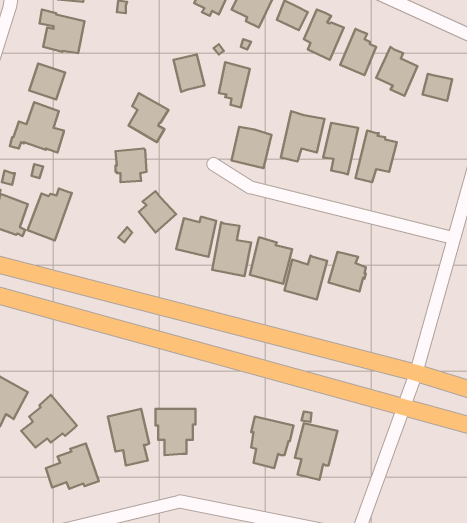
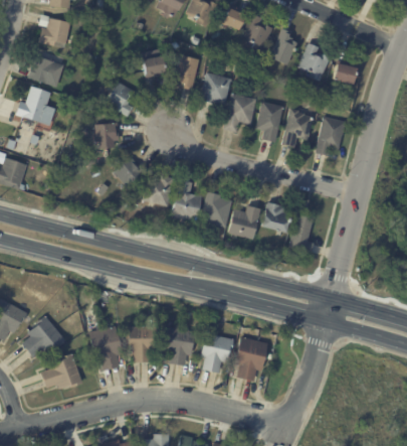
building: [231,127,271,168] -> [200,73,231,106]
building: none -> [316,118,345,156]
building: [28,188,72,240] -> none
building: none -> [288,211,314,254]
building: none -> [164,327,196,365]

